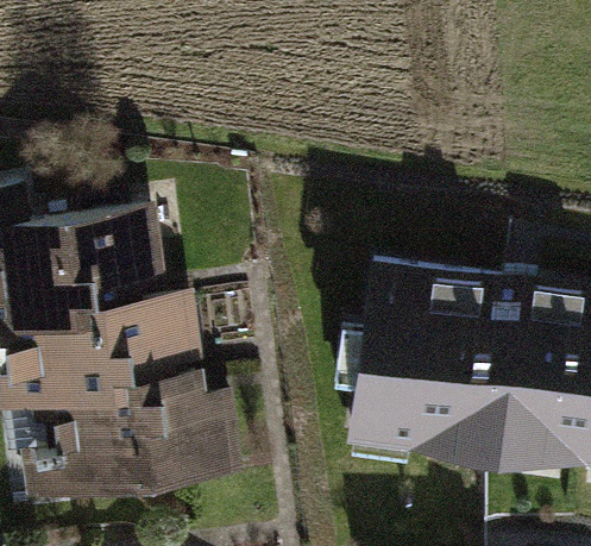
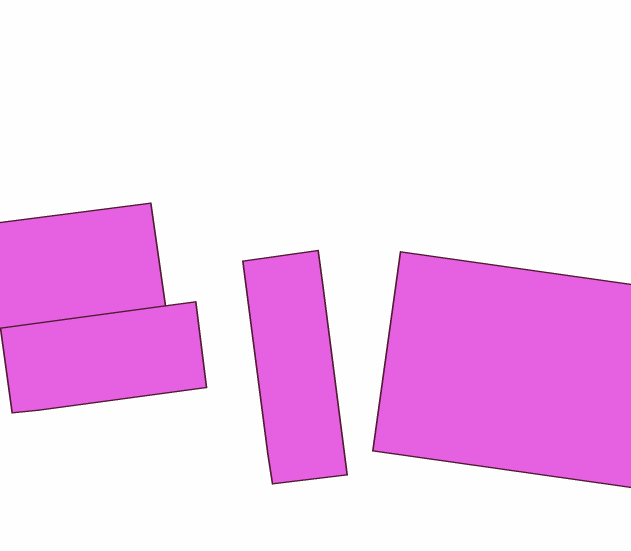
building: none -> [243,250,347,484]
building: [46,384,233,496] -> none

